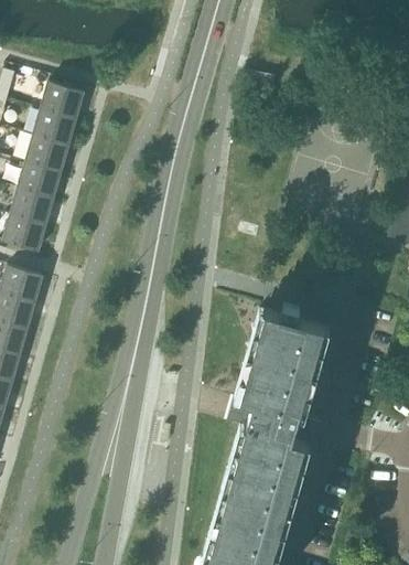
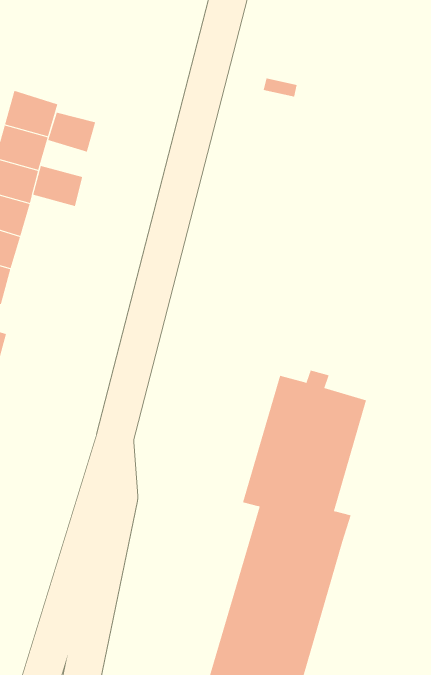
building: none -> [48,112,96,153]
building: none -> [33,165,83,207]

